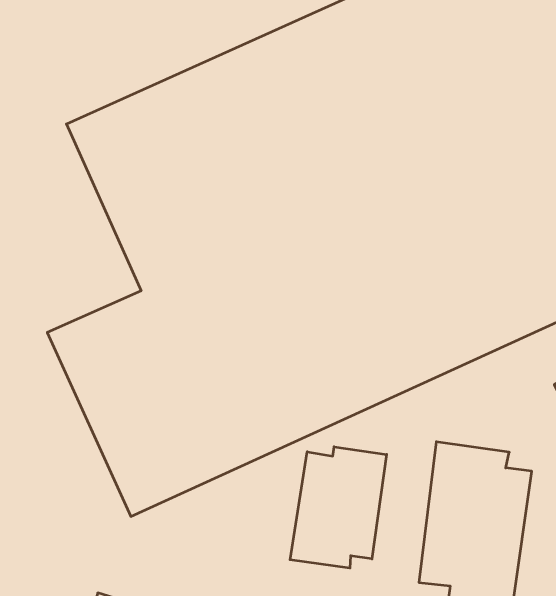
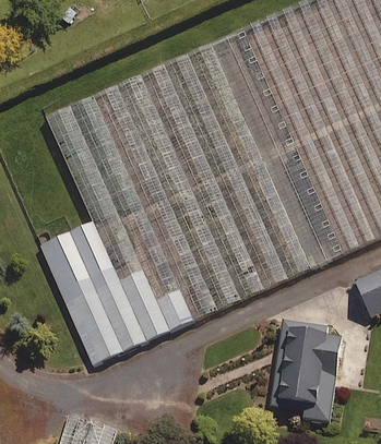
building: [290,447,387,568] -> none

